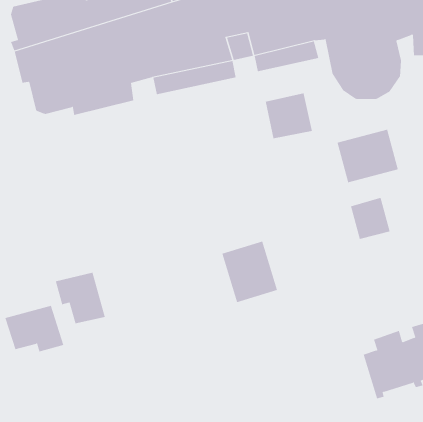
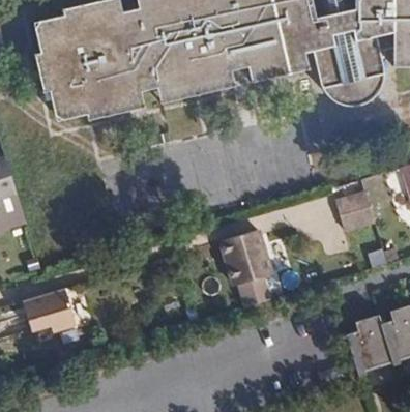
building: [265,92,312,139] -> none
building: [337,129,398,183] -> none
building: [55,272,105,324] -> none

